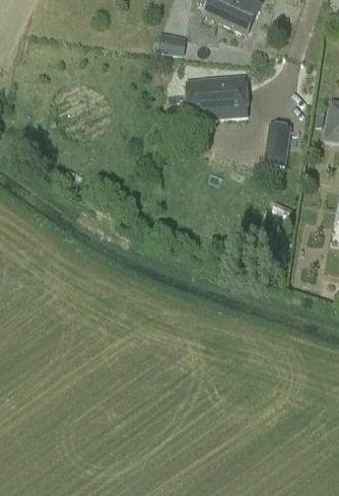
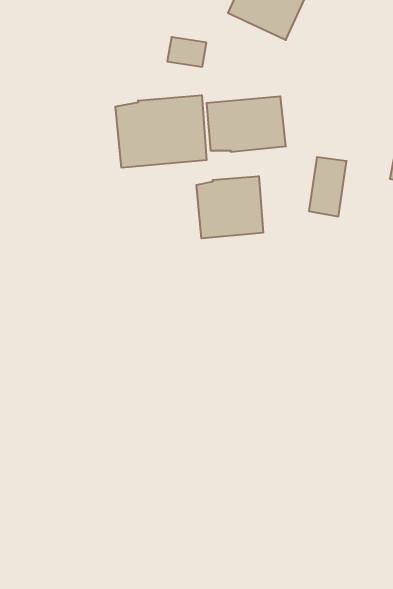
building: none -> [116,95,207,168]
building: none -> [196,176,263,238]

